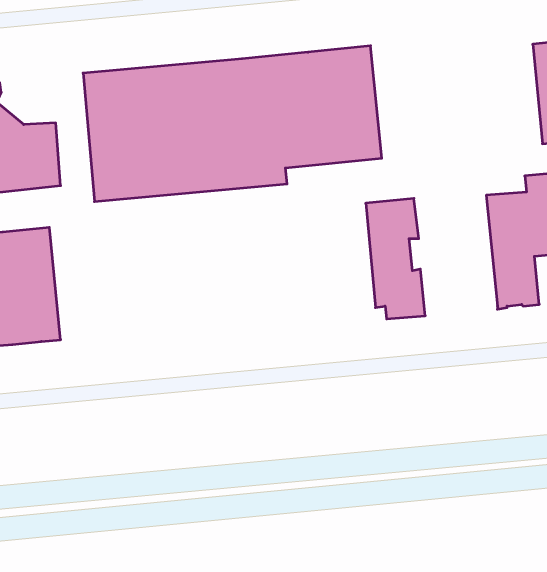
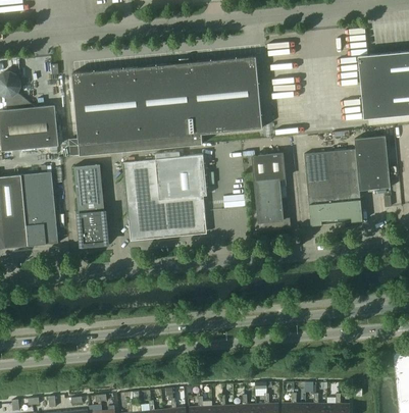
building: none -> [303,151,336,226]
building: none -> [123,154,207,239]
building: none -> [73,163,110,248]

